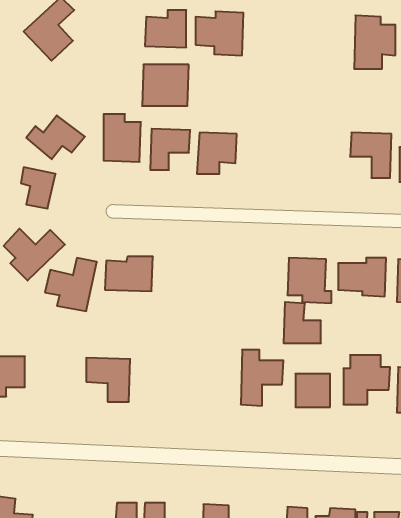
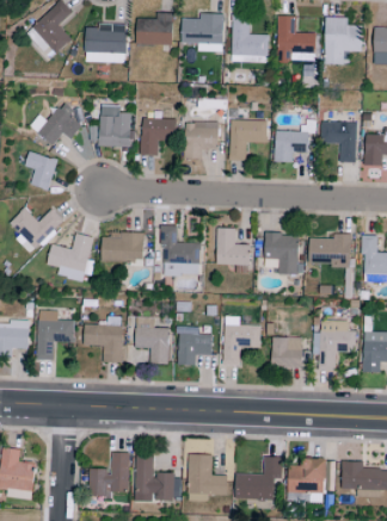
building: none -> [232,15,268,62]
building: none -> [277,15,315,61]
building: [142,65,189,106] -> [85,25,127,62]
building: none -> [229,120,268,160]
building: none -> [274,131,308,162]
building: none -> [162,225,201,275]
building: [284,302,321,343] -> [216,228,250,265]
building: none -> [36,310,74,360]
building: none -> [135,317,168,365]
building: none -> [177,327,213,365]

